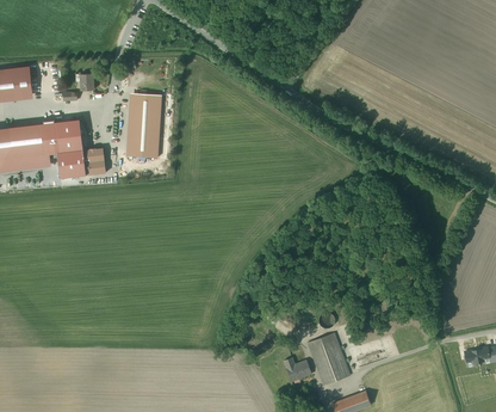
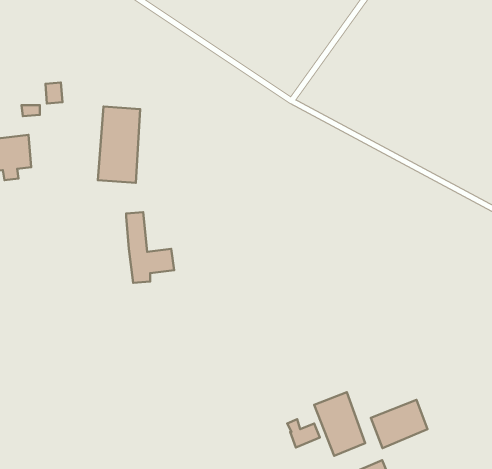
building: [66,115,106,174] -> [126,212,174,283]
building: none -> [371,400,427,448]

